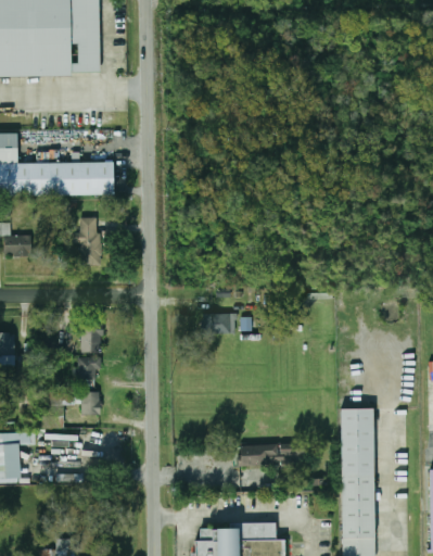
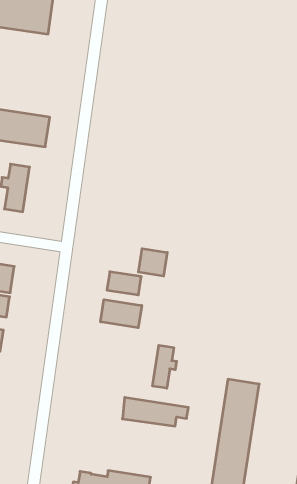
building: none -> [138,249,167,276]
building: none -> [101,300,142,328]
building: none -> [153,345,177,388]

